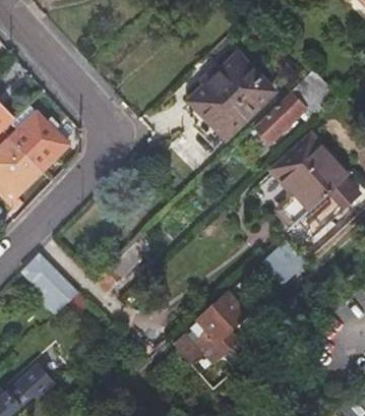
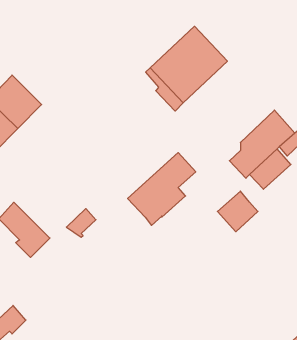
building: [254,70,336,142] -> none
building: [273,135,325,185] -> none
building: [173,293,248,373] -> [128,153,196,225]

